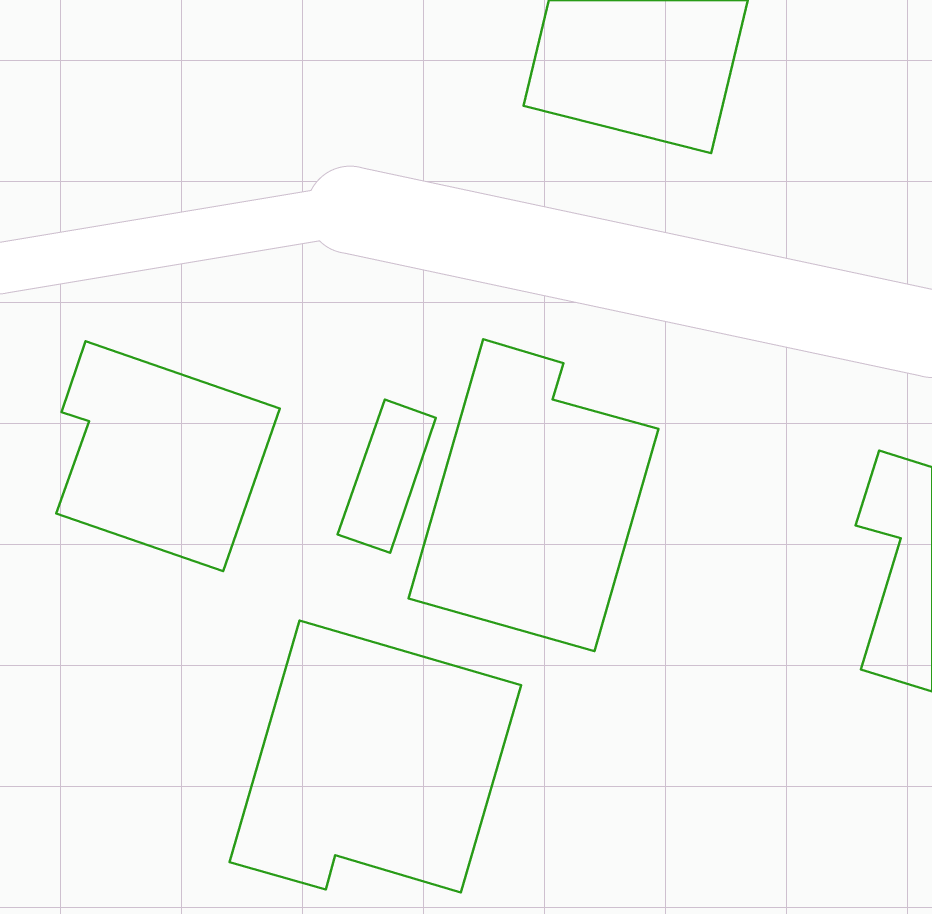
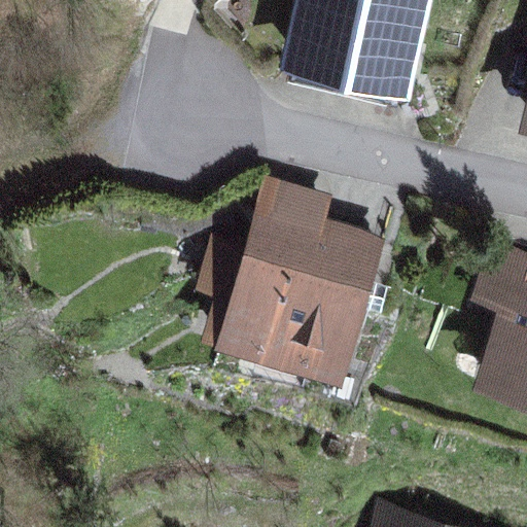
building: [56,341,280,571] -> none
building: [230,620,521,893] -> none

